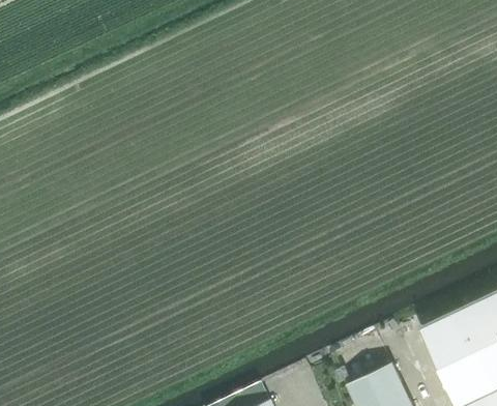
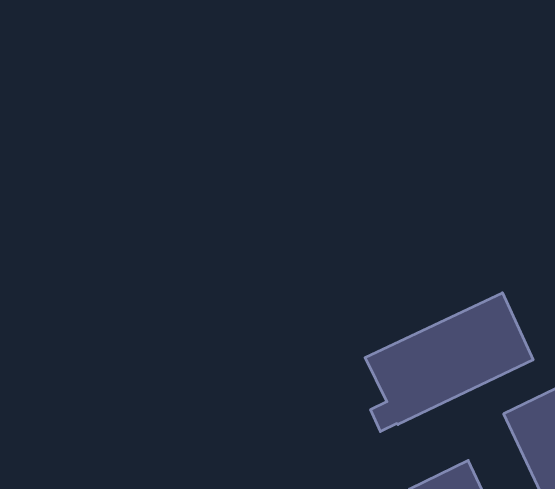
building: none -> [365,293,533,432]

